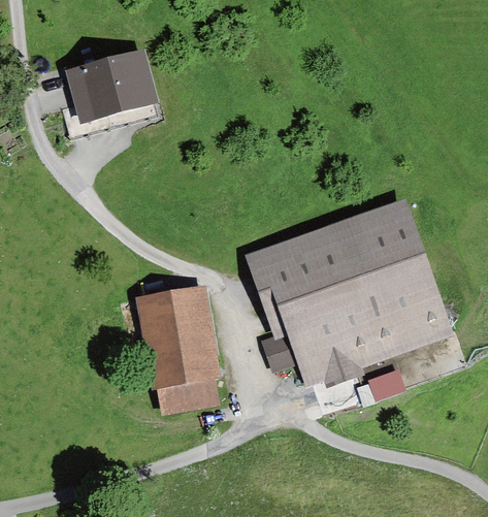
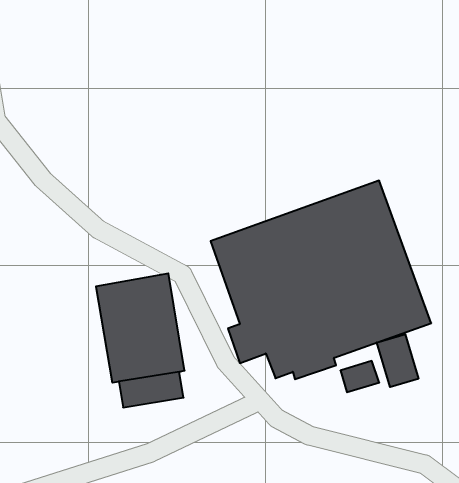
building: [61,49,158,137] -> none
building: none -> [377,334,418,387]

